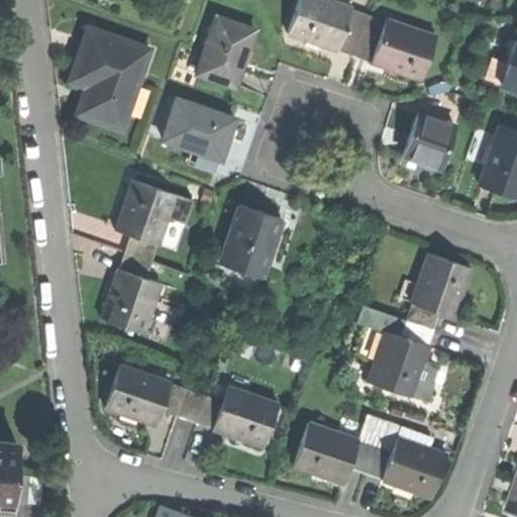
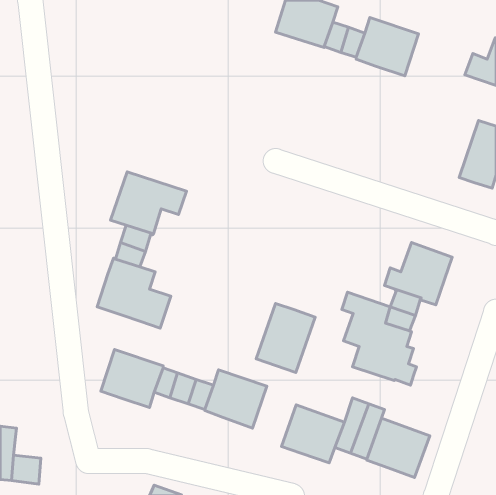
building: [196,17,254,88] -> none
building: [71,30,147,129] -> none
building: [163,100,234,160] -> none
building: [402,114,455,168] -> none
building: [219,206,281,278] -> [256,304,315,372]

